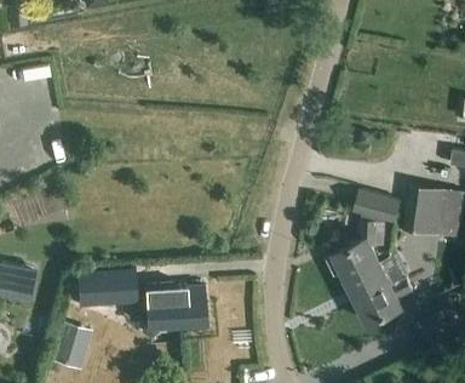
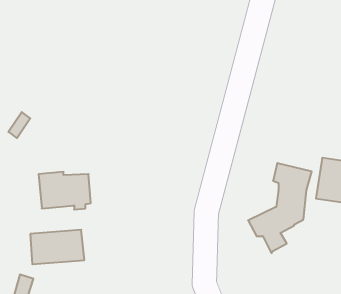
building: [354,263,415,324] -> none
building: [145,284,206,327] -> [39,172,91,210]

